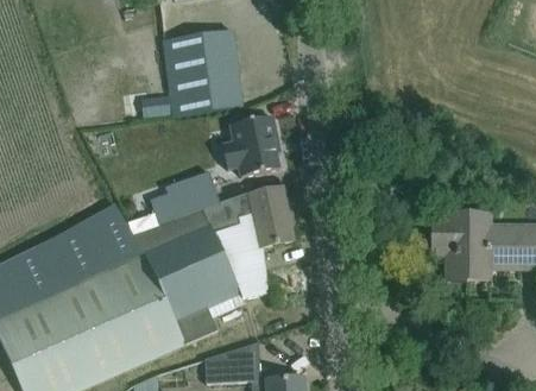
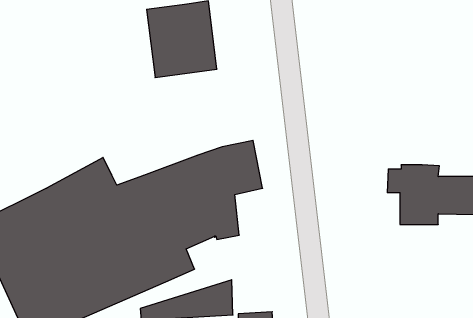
building: [222,114,279,174] -> none
building: [168,170,221,217] -> none

